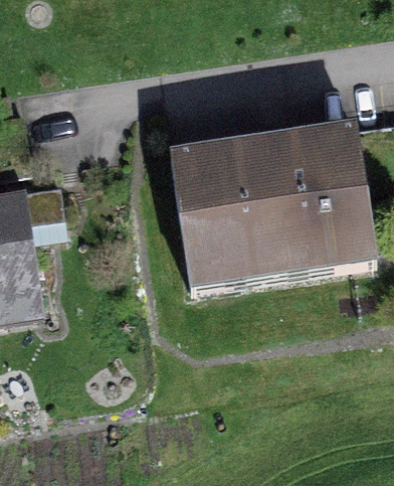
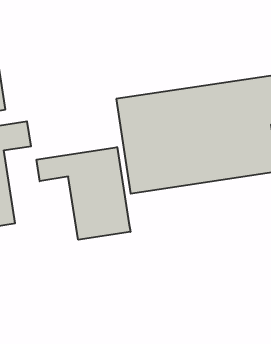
building: none -> [37,147,130,240]

